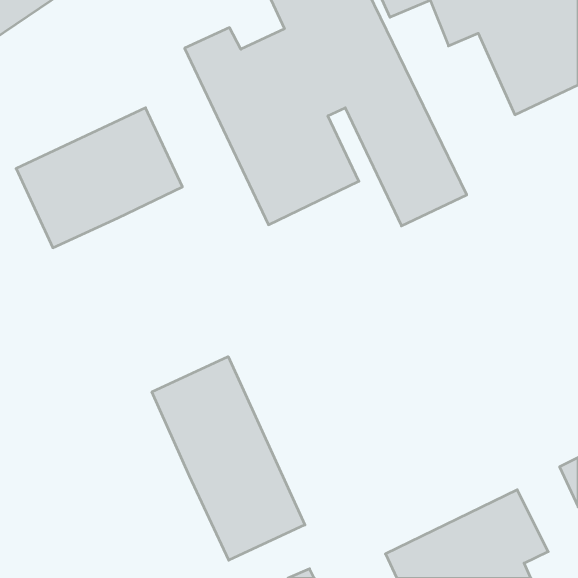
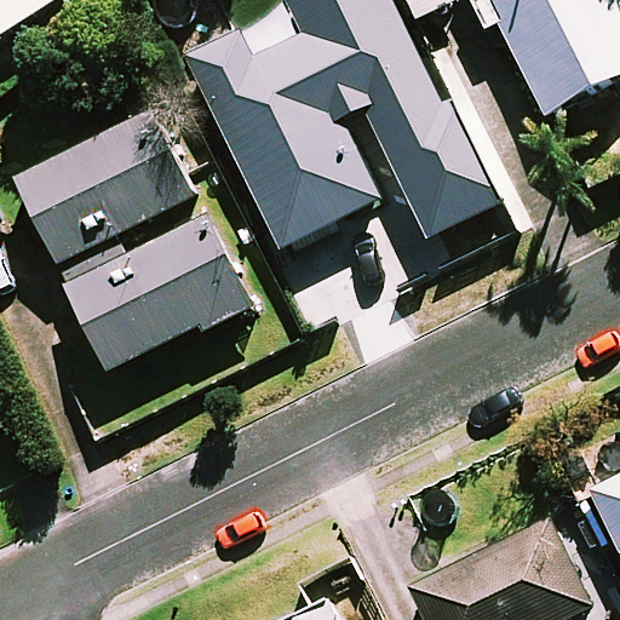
building: none -> [56,214,247,367]
building: [152,357,305,560] -> none

